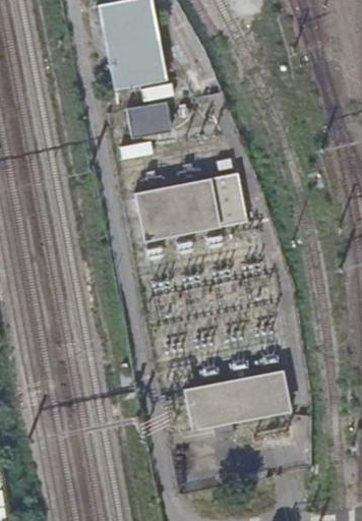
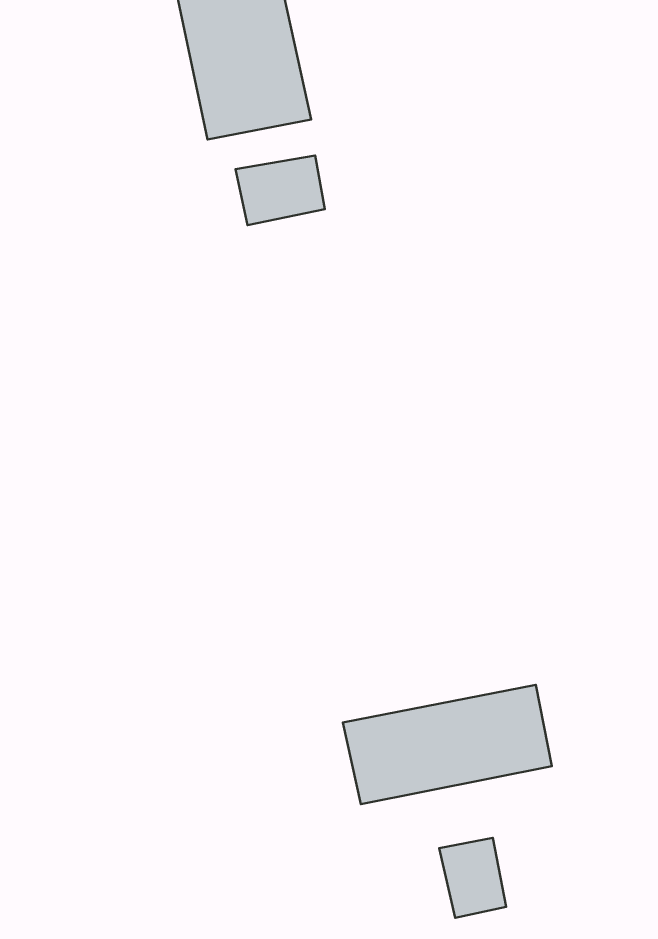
building: [134,175,246,242] -> none
building: none -> [439,838,506,918]

